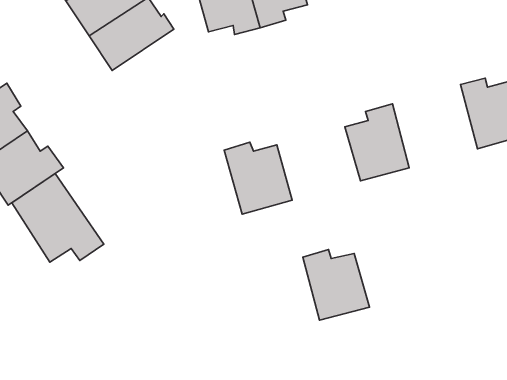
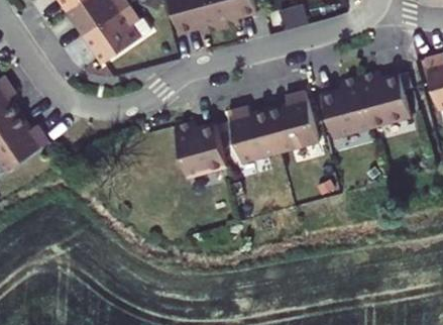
building: none -> [325,76,375,136]
building: [12,174,104,262] -> none
building: [303,250,370,320] -> [231,106,284,161]

